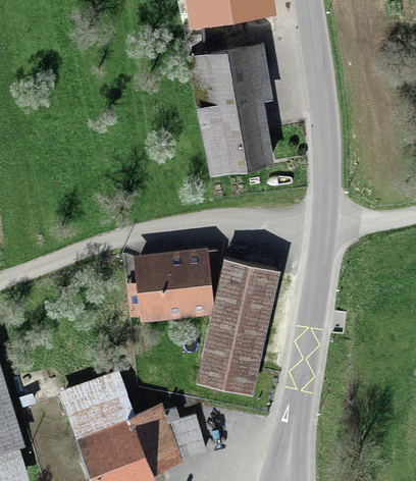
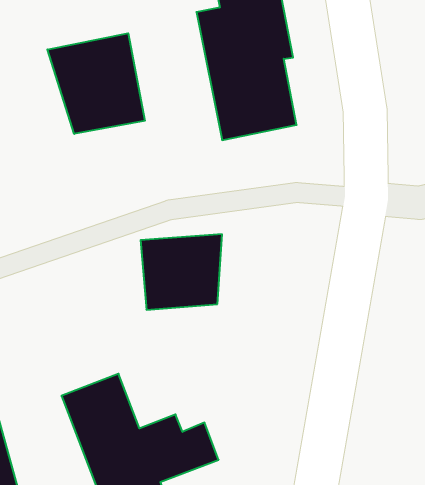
building: none -> [47,33,145,134]
building: [196,260,277,388] -> none

